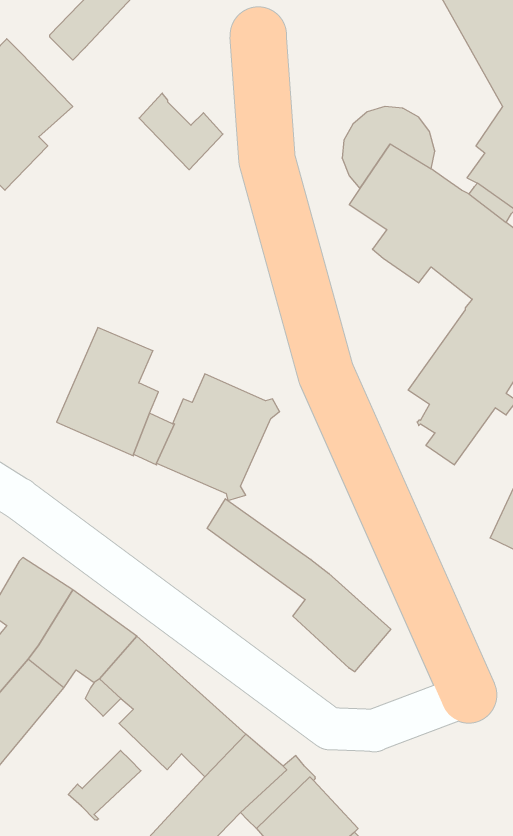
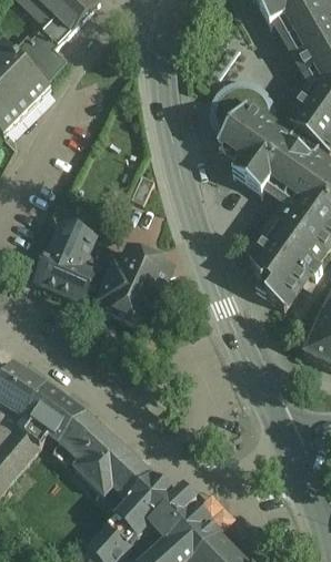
building: [139,93,223,170] -> [14,35,67,83]
building: [207,499,391,672] -> none
building: [68,750,141,820] -> none

